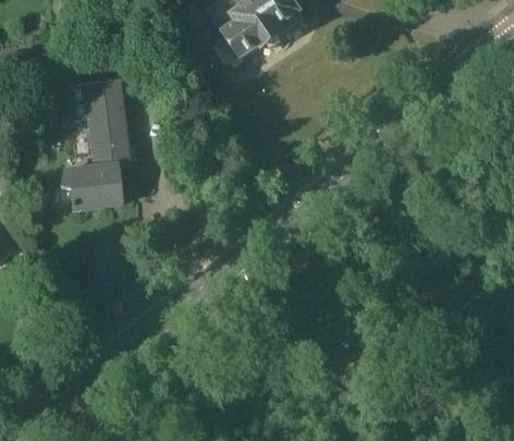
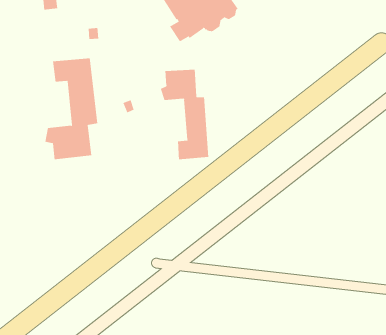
building: none -> [160,69,209,160]

